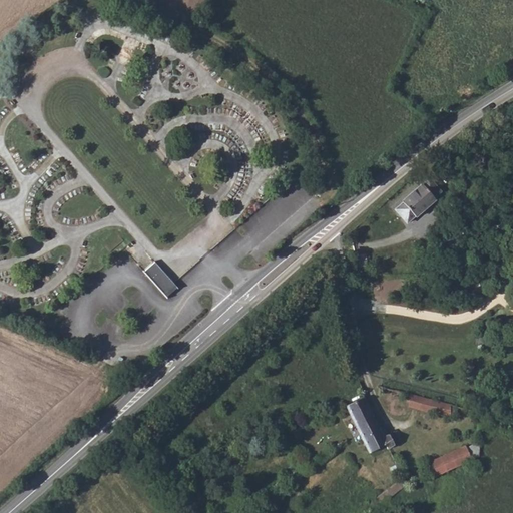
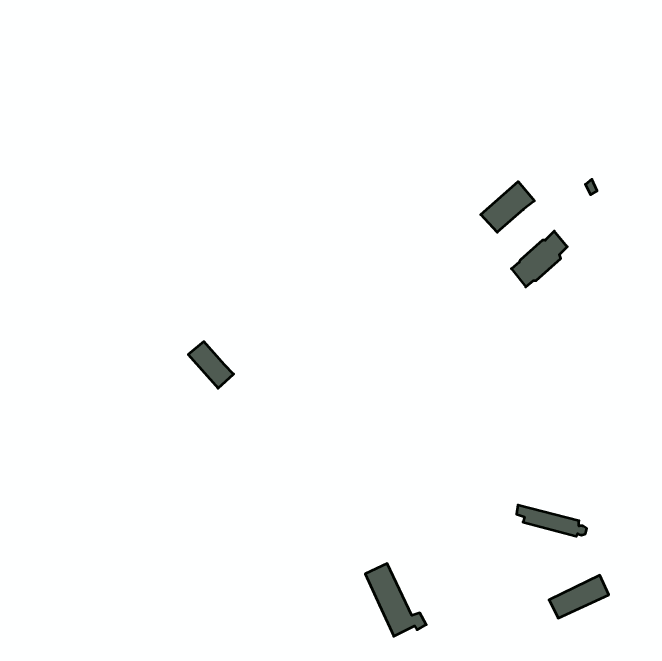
building: none -> [481,182,534,232]
building: [348,397,395,453] -> [365,564,426,636]

